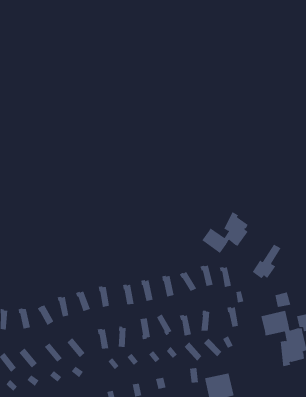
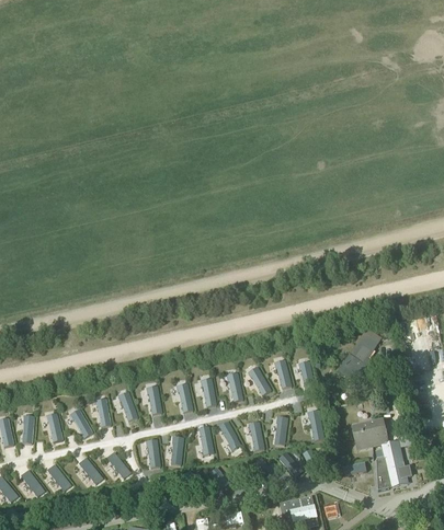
building: [202,211,248,254] -> none

